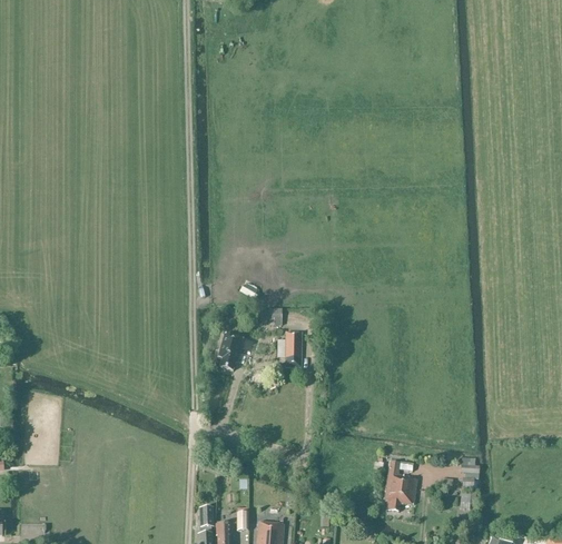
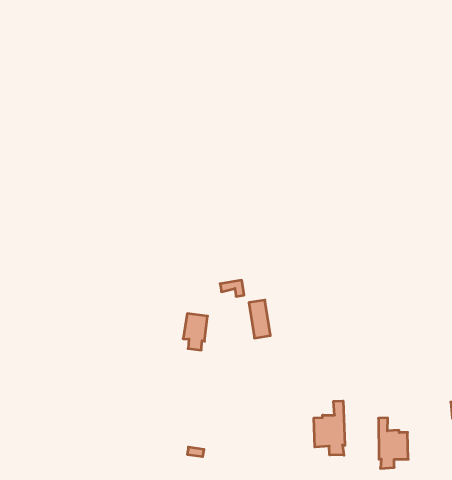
building: none -> [314,401,345,455]

